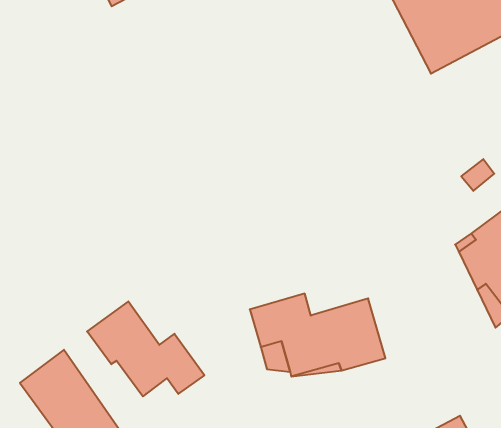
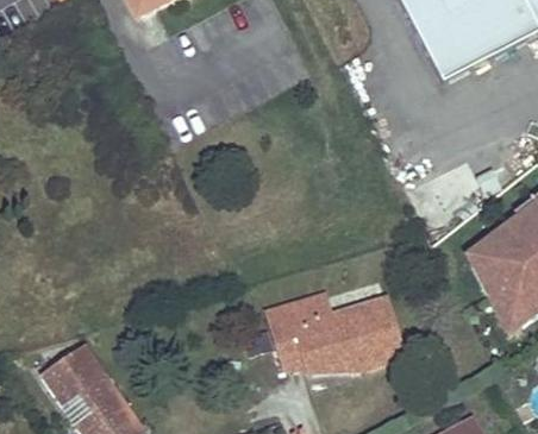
building: [87,301,204,396] -> none

